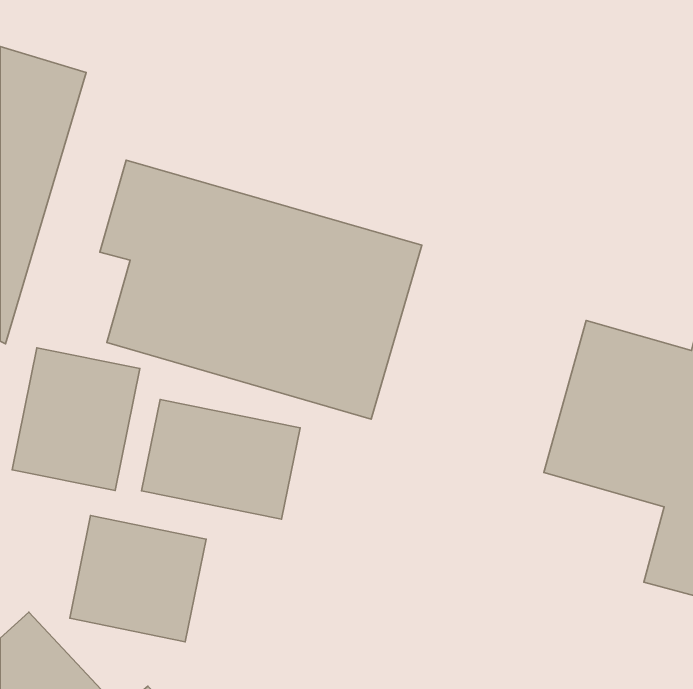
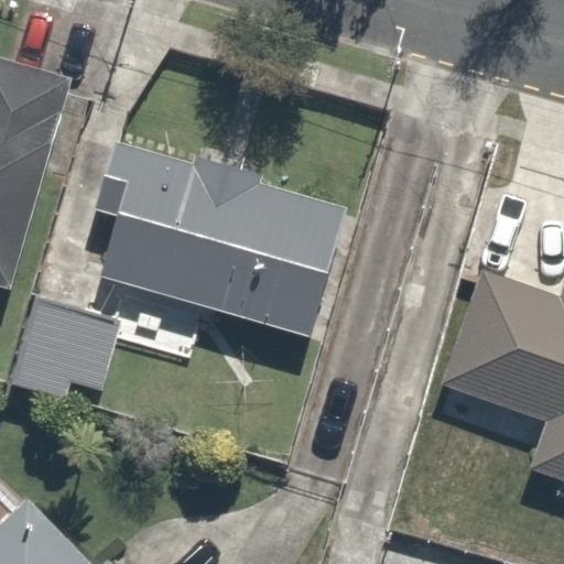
building: [141,400,300,519] -> none
building: [70,516,206,642] -> none

